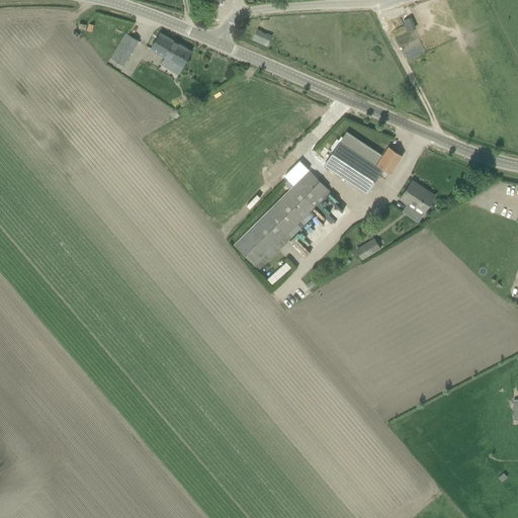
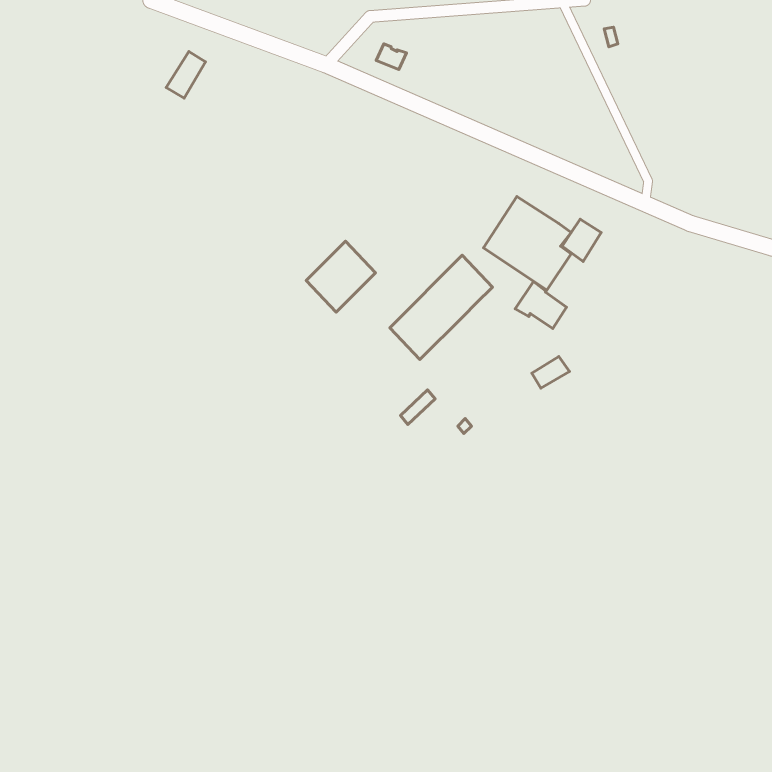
building: [151,33,191,68] -> none
building: [400,181,434,212] -> [515,282,567,328]
building: [235,220,281,267] -> [306,241,376,312]

